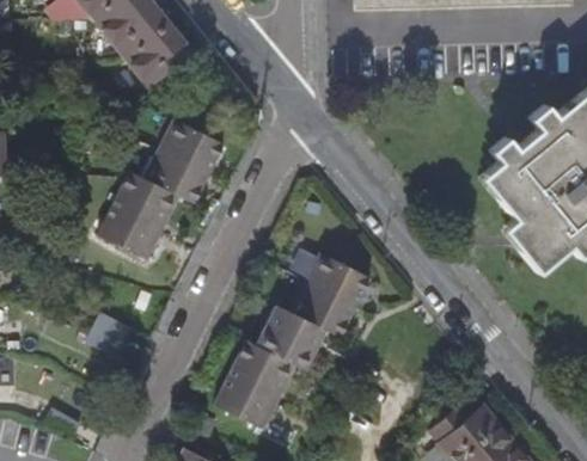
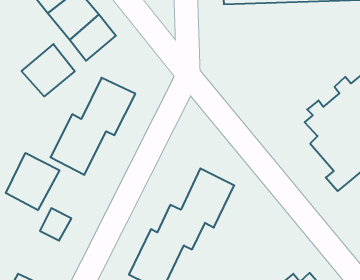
building: none -> [22,44,75,96]
building: none -> [6,153,59,210]

